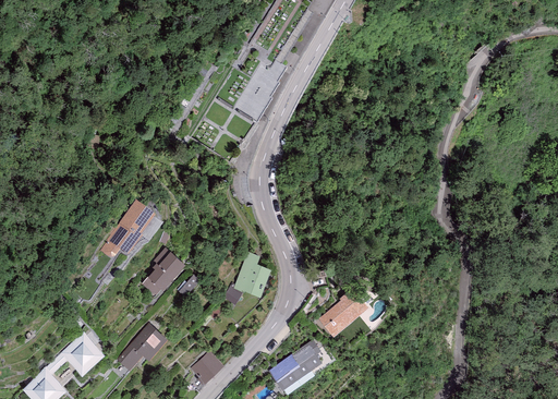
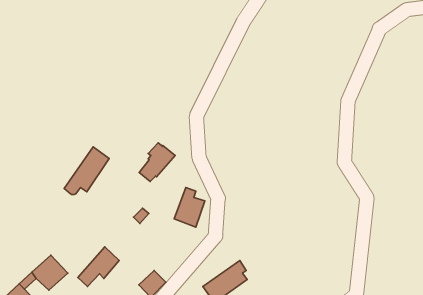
building: [142,249,185,295] -> [139,143,175,182]
building: [318,288,368,337] -> none

